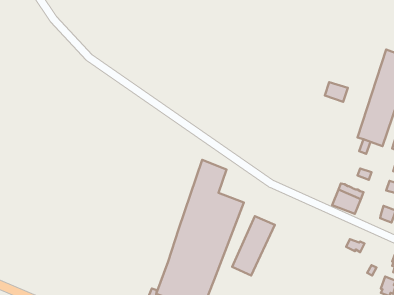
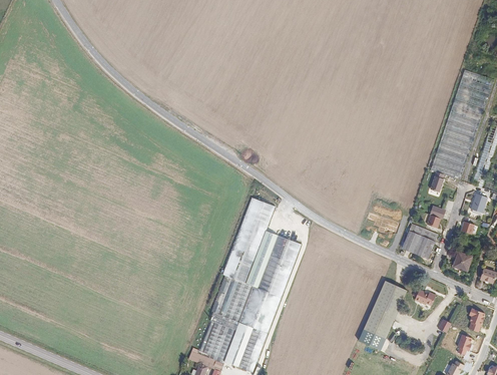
building: [325,82,348,102] -> none
building: [232,216,275,275] -> [358,281,407,349]

